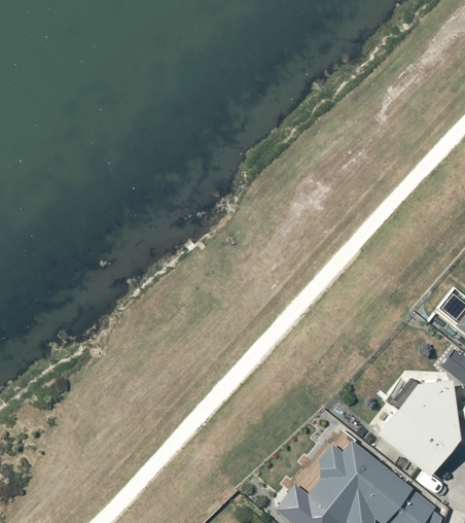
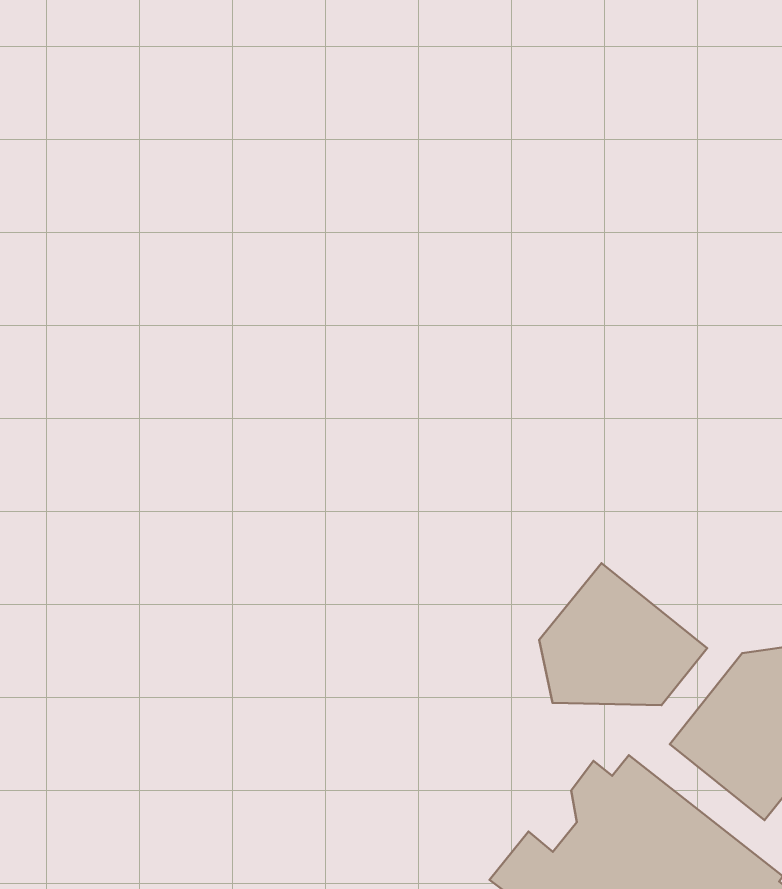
building: none -> [539,563,707,705]

